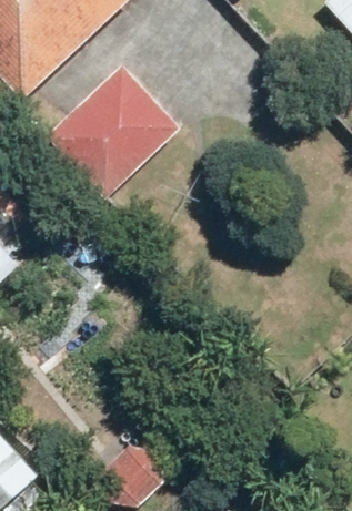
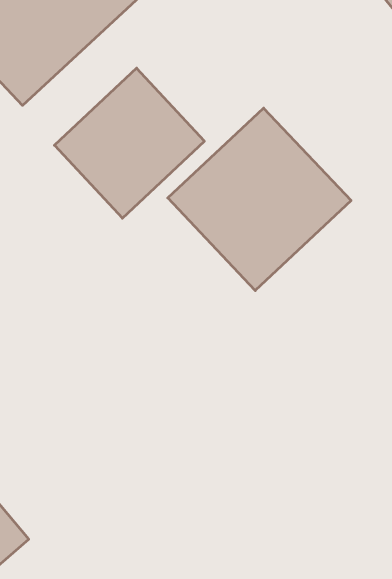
building: none -> [168,108,351,291]

